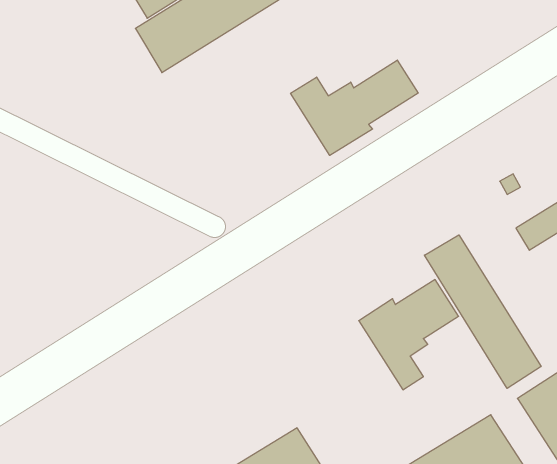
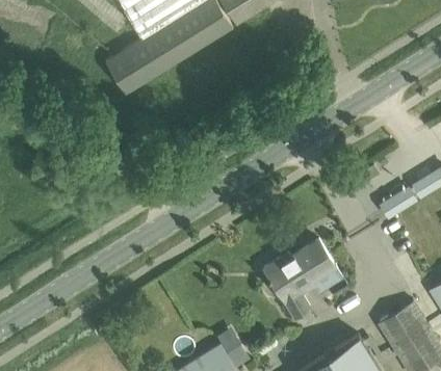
building: [291,60,418,155] -> none
building: [424,235,541,388] -> none

